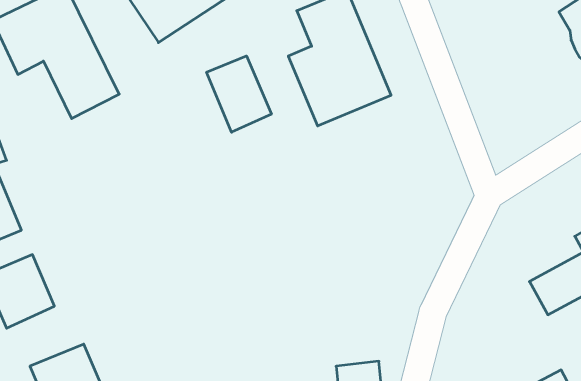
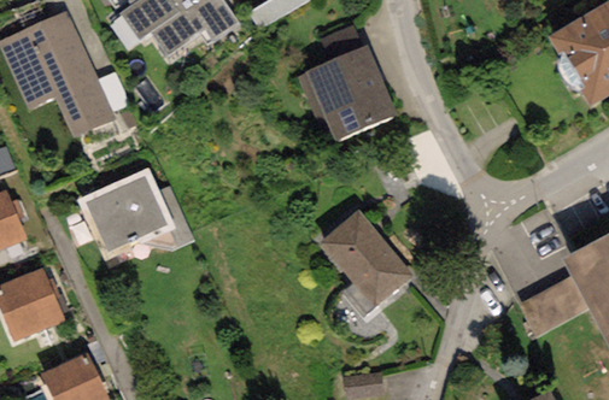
building: [207,56,271,132] -> none
building: none -> [75,177,170,266]
building: none -> [320,212,412,311]

